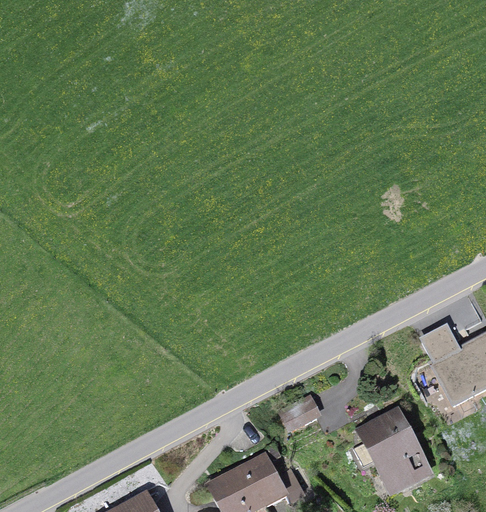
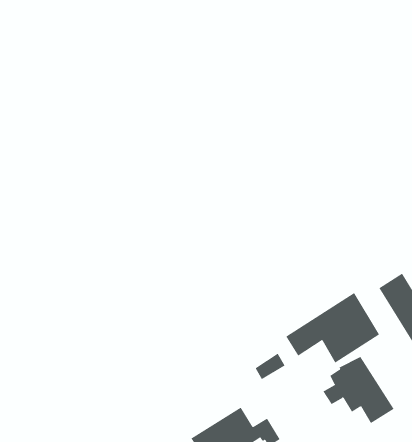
building: none -> [286,292,380,364]

